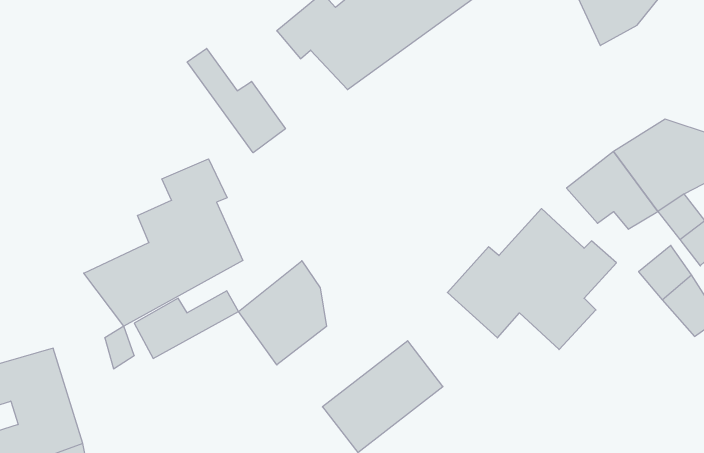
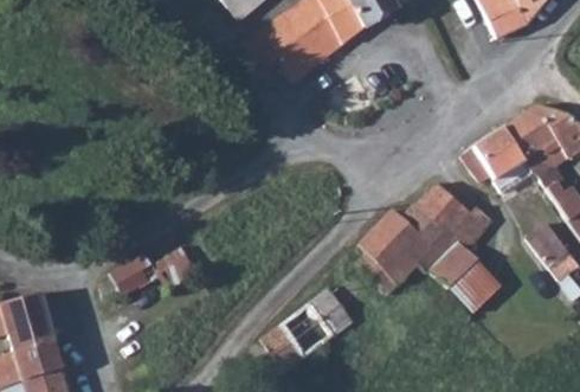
building: [187,48,285,153] -> none
building: [84,159,243,326] -> none
building: [239,261,327,365] -> none
building: none -> [453,259,508,315]

